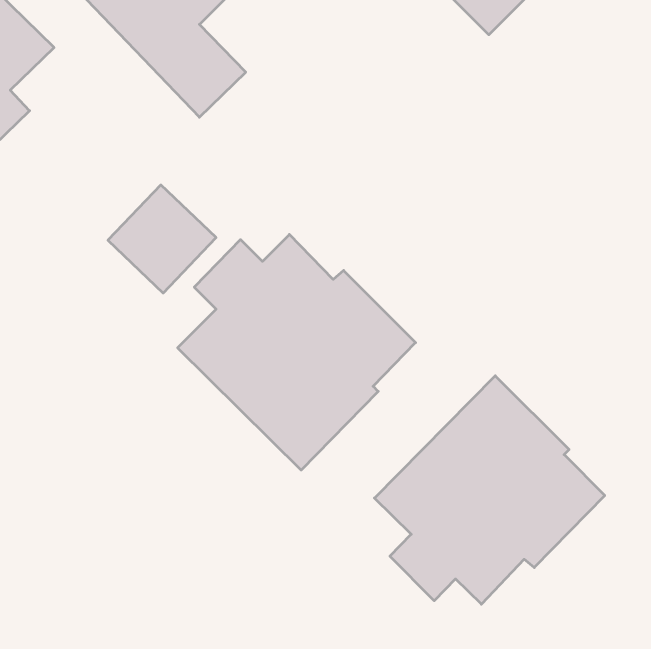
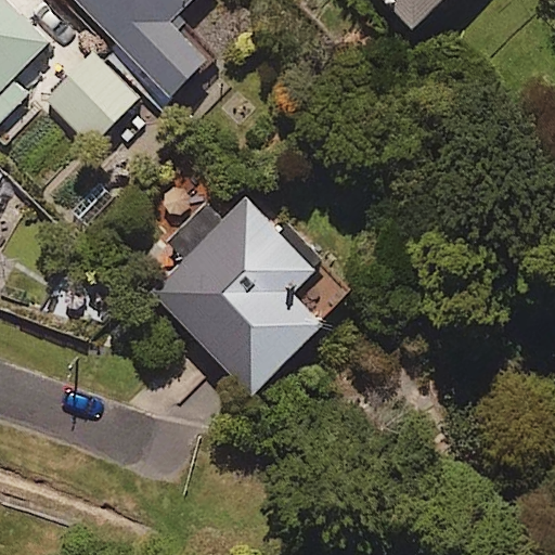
building: [108,185,216,293] -> [41,47,132,138]
building: [374,376,605,604] -> none

